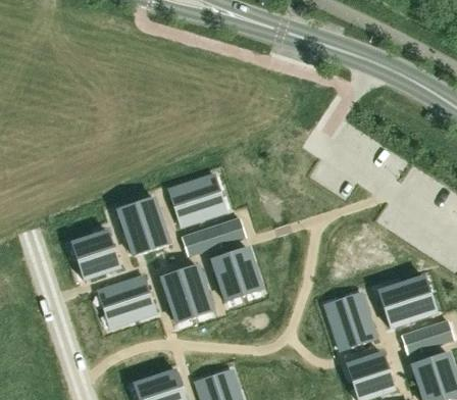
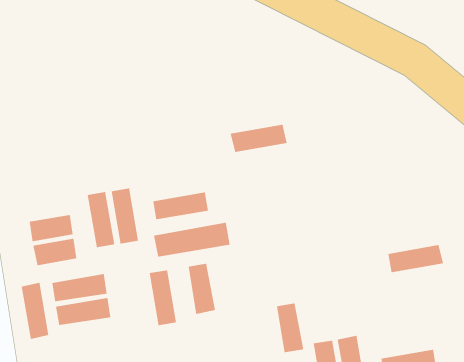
building: [167,176,216,205] -> [230,124,288,152]
building: [232,248,260,291] -> [276,303,304,353]
building: [161,270,191,319] -> [21,282,49,339]
building: [377,278,425,307] -> [387,244,444,273]

